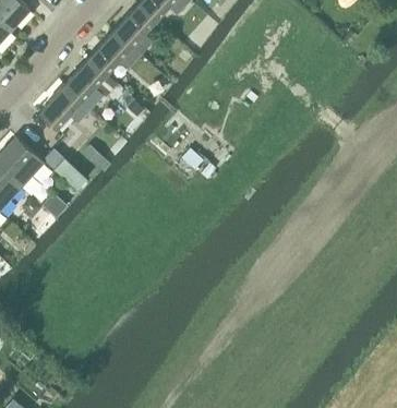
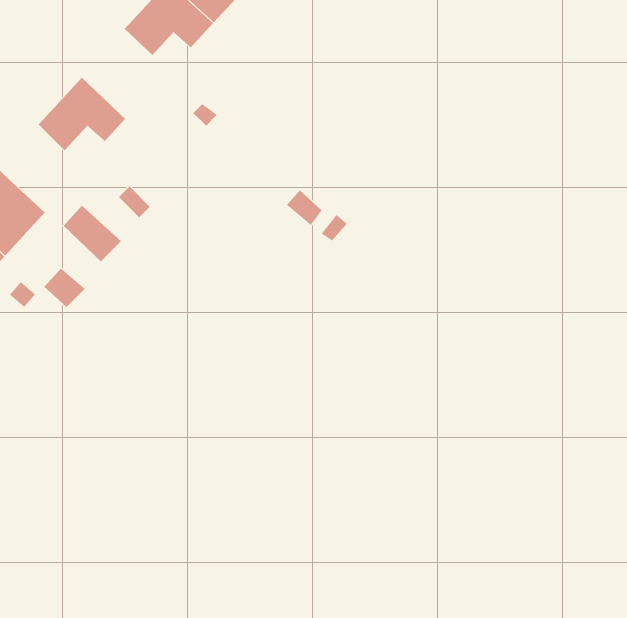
building: [64,59,105,110] -> none

